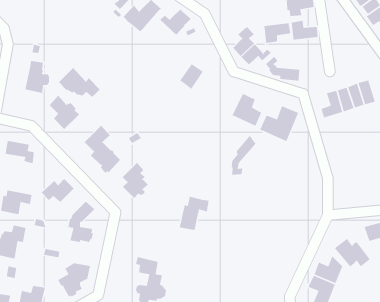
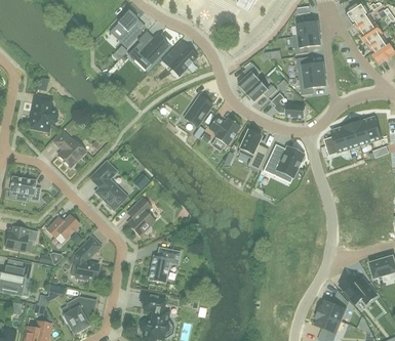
building: [263,22,291,44] -> [298,74,325,95]
building: [58,67,100,98] -> none
building: none -> [207,116,238,144]
building: [231,135,256,176] -> none
building: [179,196,210,231] -> [148,247,179,282]

